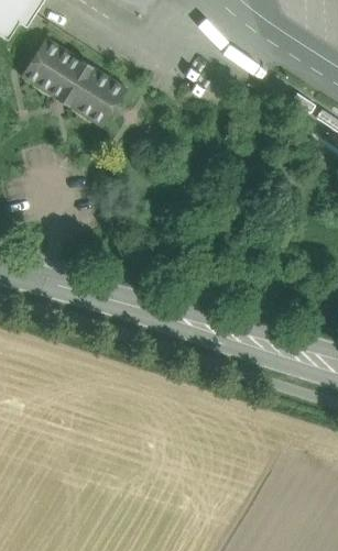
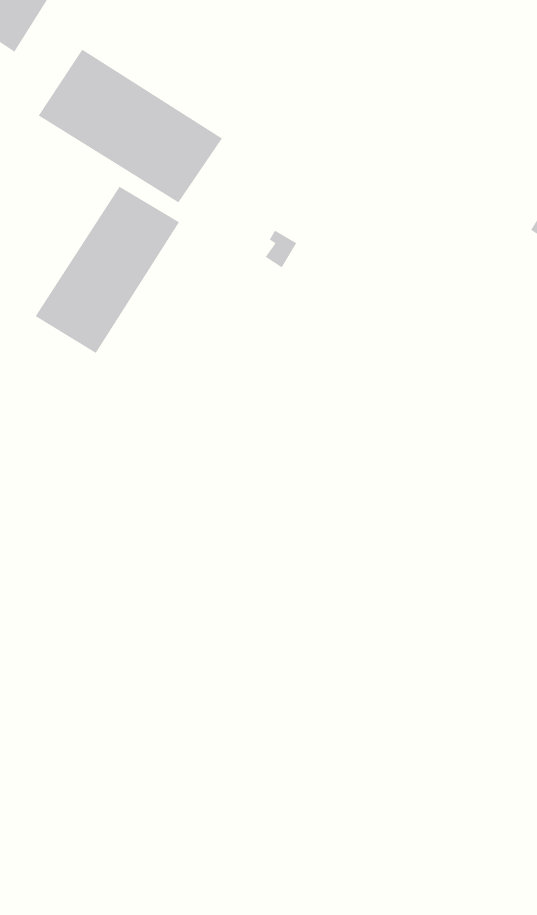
building: none -> [35,186,180,354]

